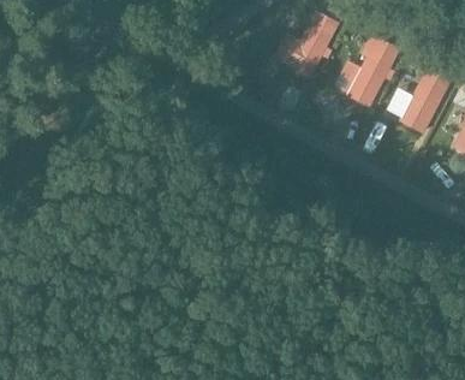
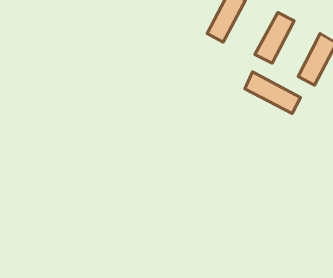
building: none -> [245,72,301,114]

